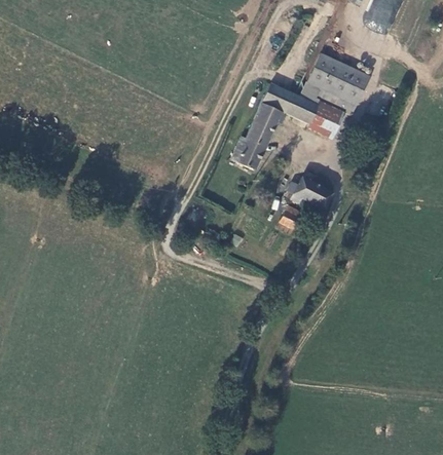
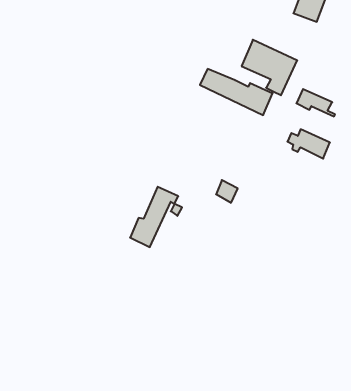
building: [300,81,342,111] -> [296,89,335,116]
building: [231,104,284,169] -> [130,187,178,247]
building: [286,177,332,208] -> [287,129,330,159]

